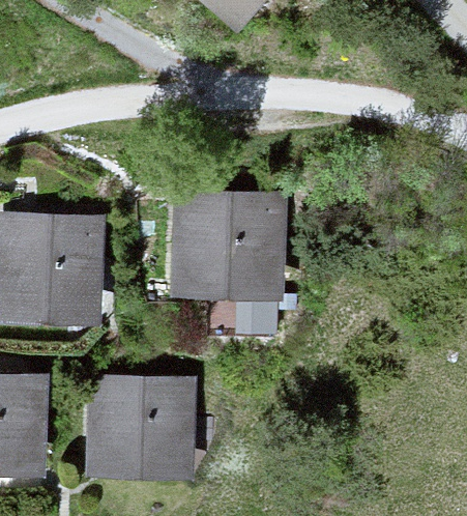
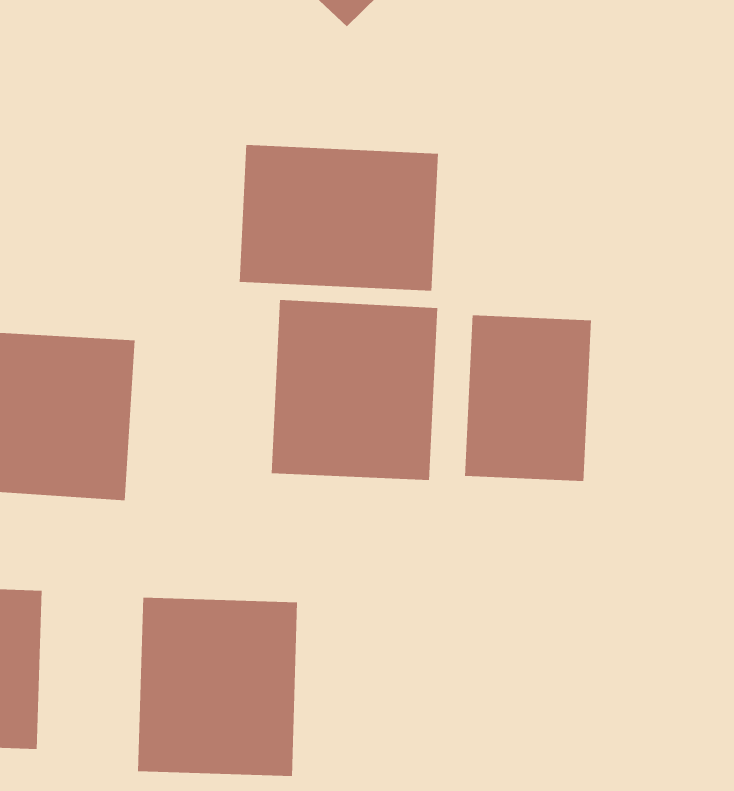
building: none -> [239,144,438,292]
building: none -> [464,314,592,482]

